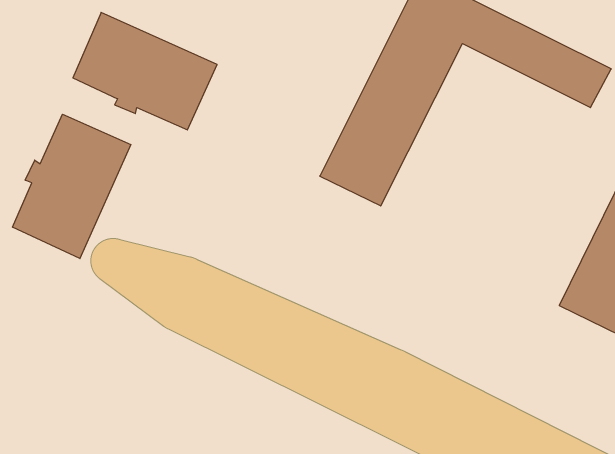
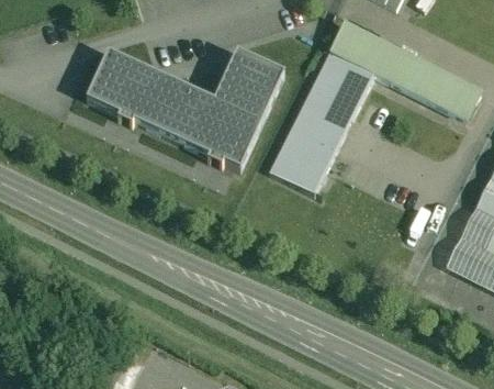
building: none -> [171,49,285,168]
building: [13,114,131,259] -> none

